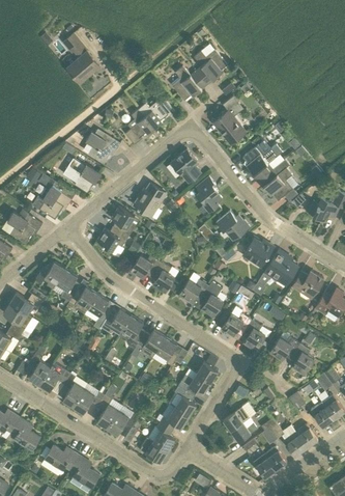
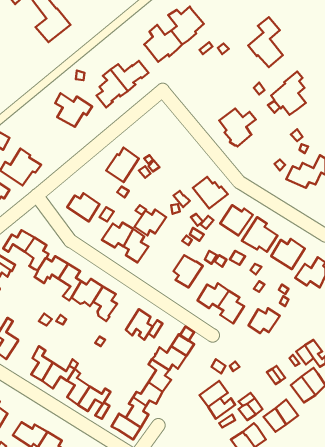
building: [212,95,246,143] -> [248,17,283,67]
building: [171,148,200,183] -> none
building: [62,158,100,193] -> none
building: [259,159,292,200] -> [271,71,306,115]
building: [195,176,222,212] -> none
building: [110,206,135,237] -> none
building: [178,278,208,303] -> [135,210,166,236]
building: [136,330,165,359] -> none
building: [289,343,313,375] -> none
building: [38,362,69,391] -> none

